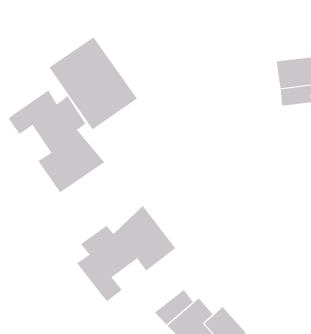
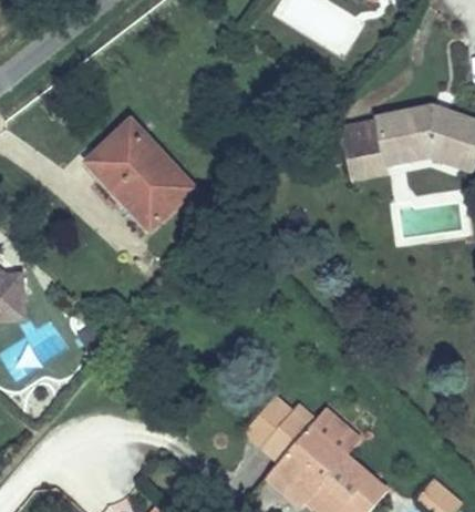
building: [8,89,105,193] -> none
building: [76,205,176,302] -> none

